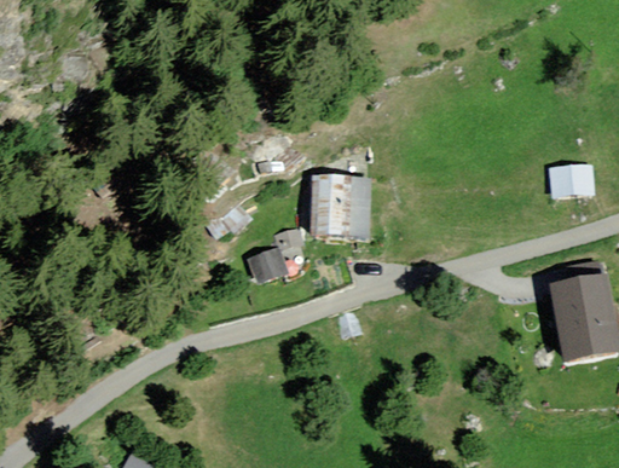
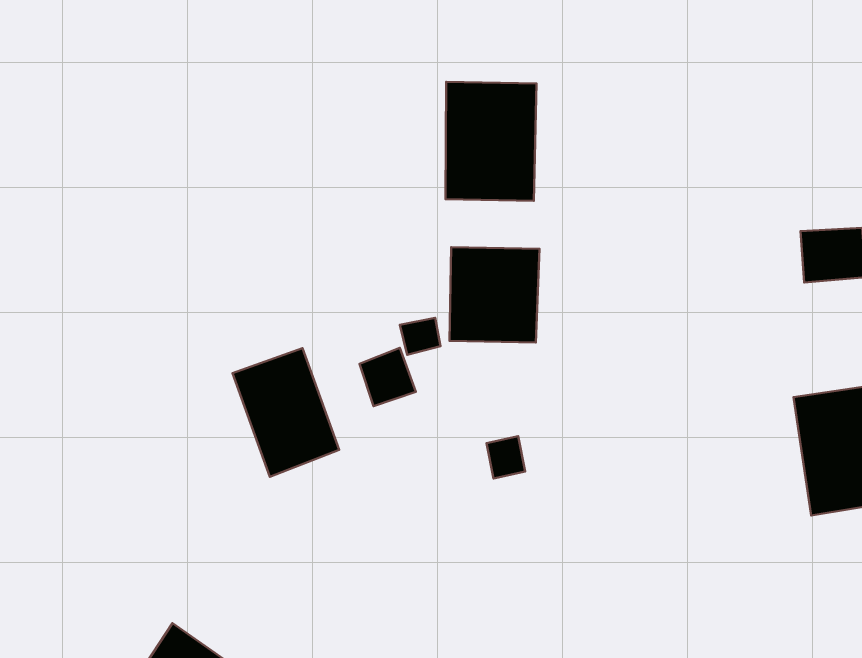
building: none -> [446,82,536,201]
building: none -> [232,348,339,477]

